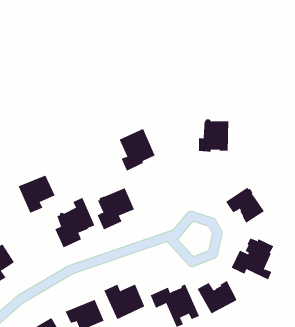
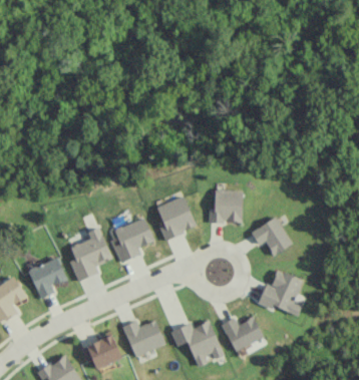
building: [198,119,229,152] -> [210,187,243,223]
building: [119,128,156,172] -> [157,195,197,241]
building: [18,175,55,214] -> [28,257,68,298]

